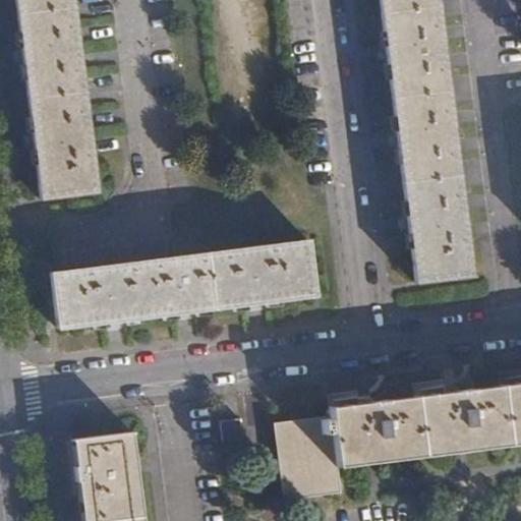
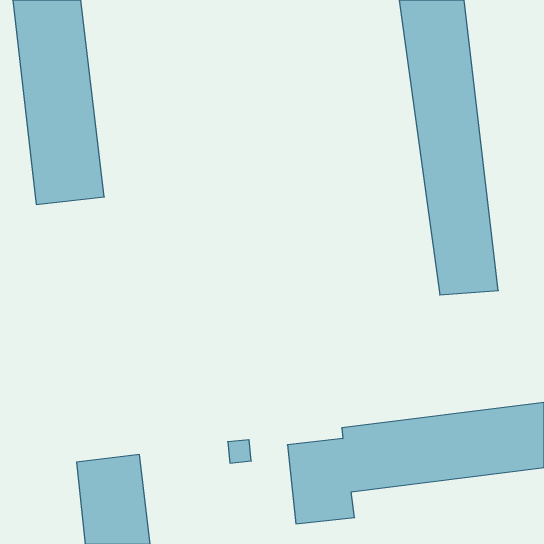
building: [52,237,315,327] -> none

